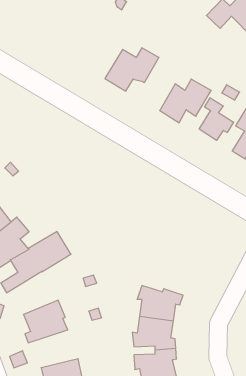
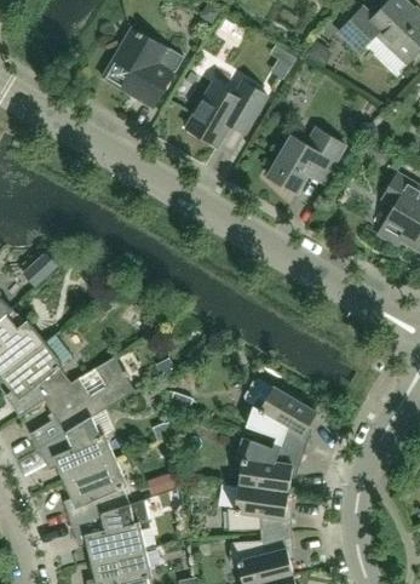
building: none -> [102,28,183,108]
building: [199,98,234,140] -> none
building: none -> [244,379,316,453]
building: none -> [38,417,115,482]
building: none -> [70,502,149,562]

